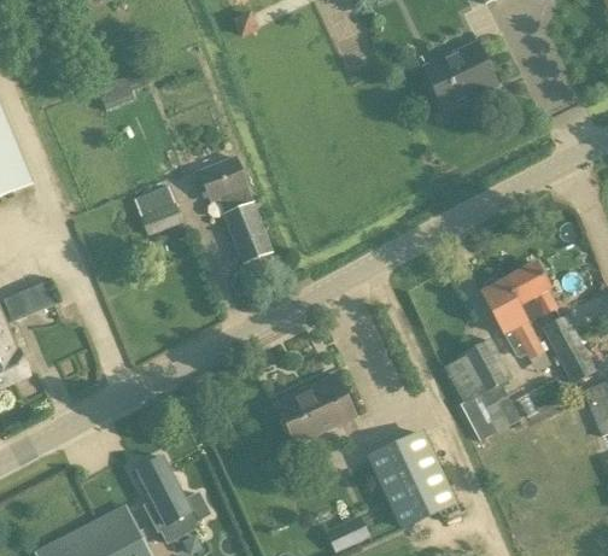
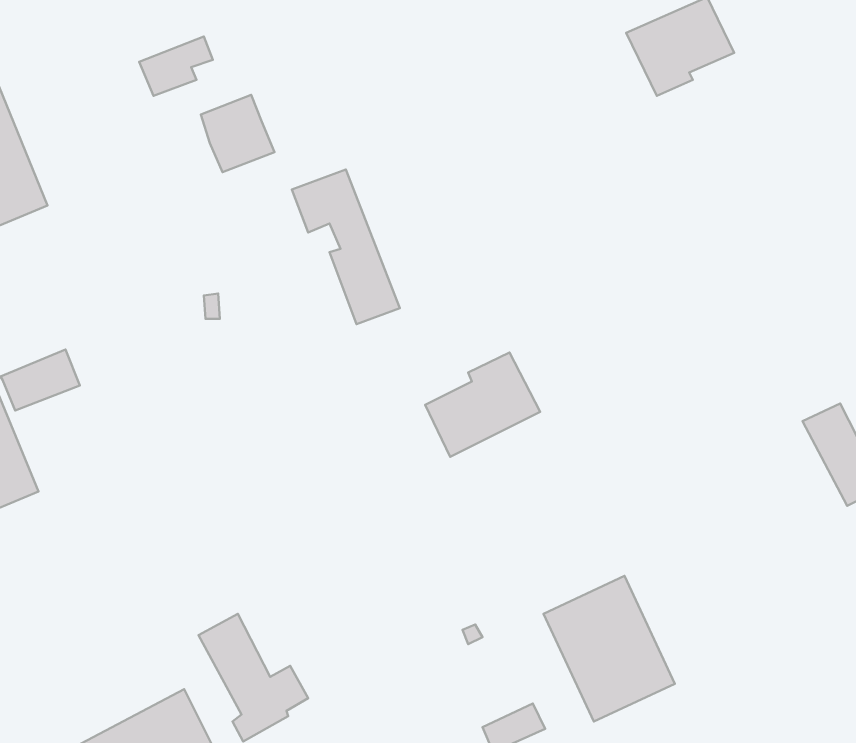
building: [133,183,182,235] -> [201,95,275,172]
building: [480,262,555,358] -> none
building: [444,338,520,441] -> none
building: [277,375,355,445] -> [425,353,540,457]

